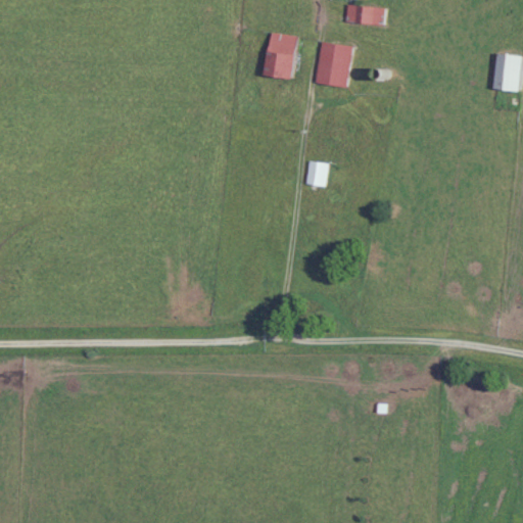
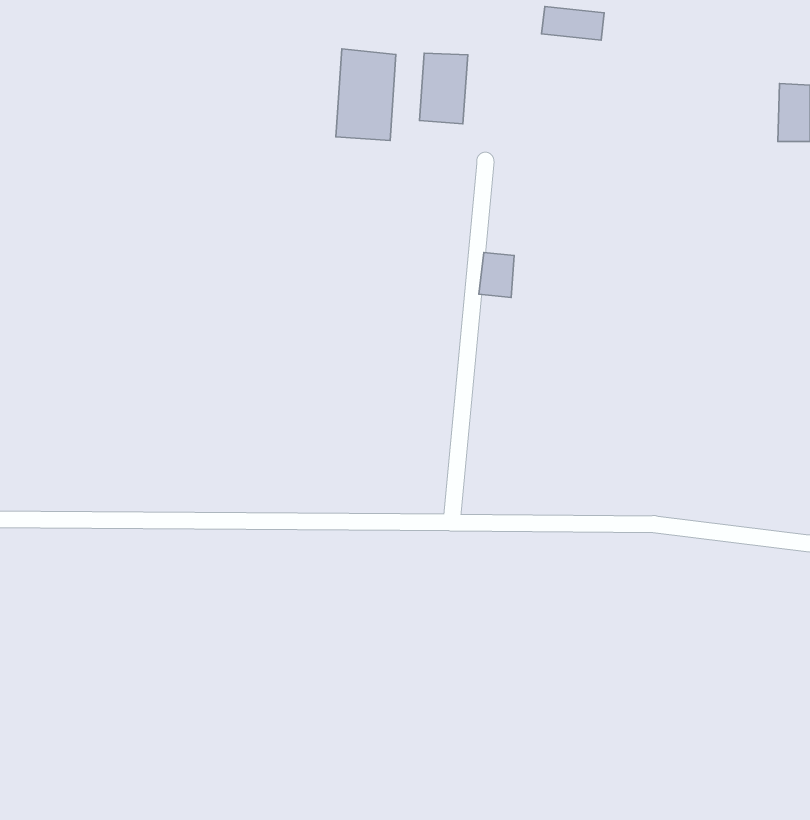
building: none -> [336,49,396,141]
building: [315,42,352,88] -> none

